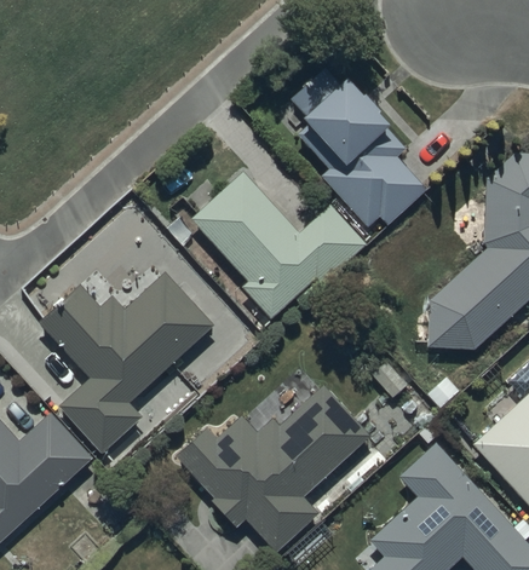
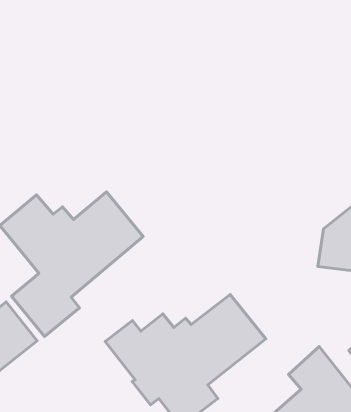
building: [288,68,425,228] -> none
building: [191,173,366,319] -> none

